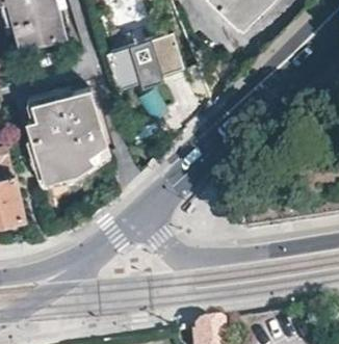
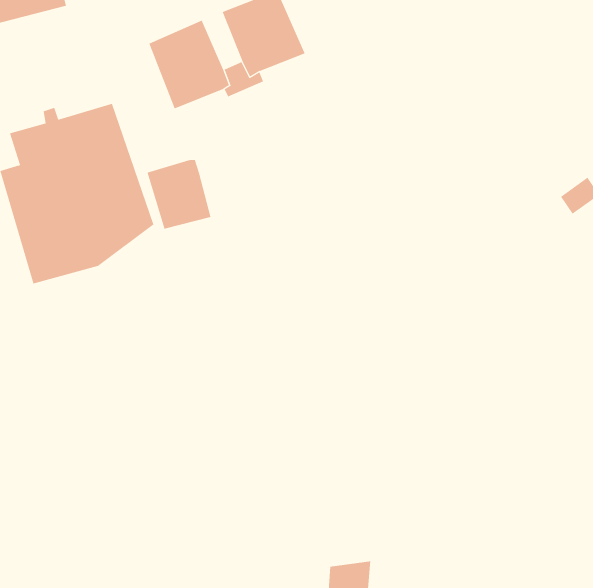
building: none -> [147,159,211,230]

